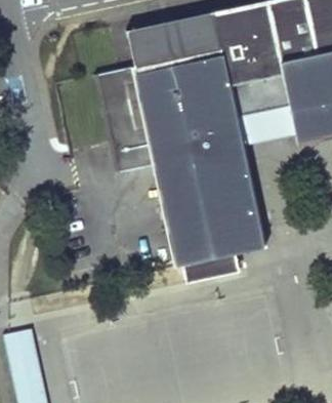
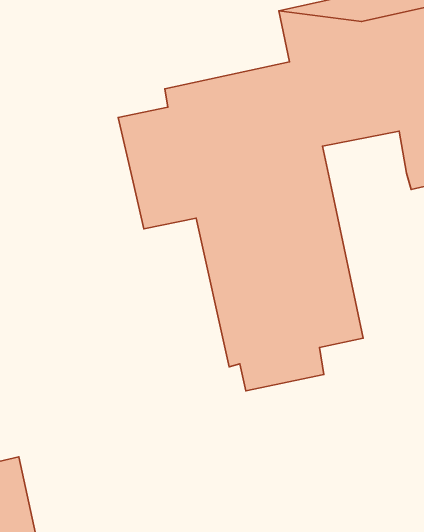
building: [123,12,214,66] -> none
building: [237,94,294,133] -> none

